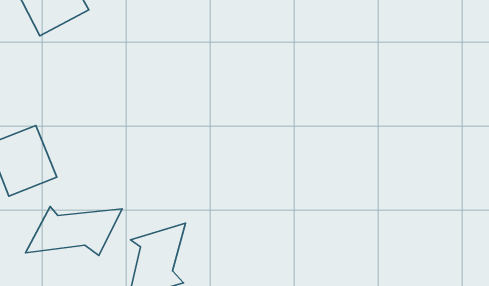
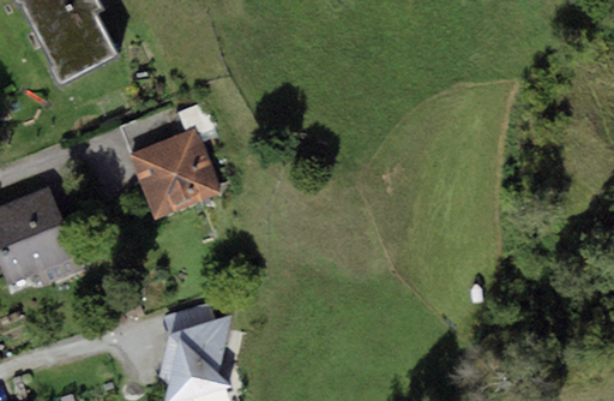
building: none -> [128,128,221,220]
building: [26,207,122,255] -> none

